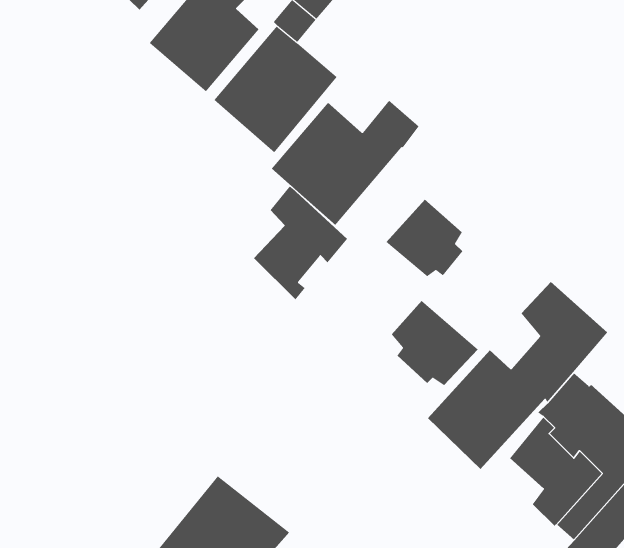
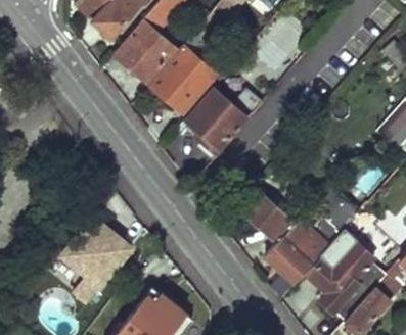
building: [253,186,348,300] -> none
building: [386,199,463,277] -> none
building: none -> [62,217,133,302]

